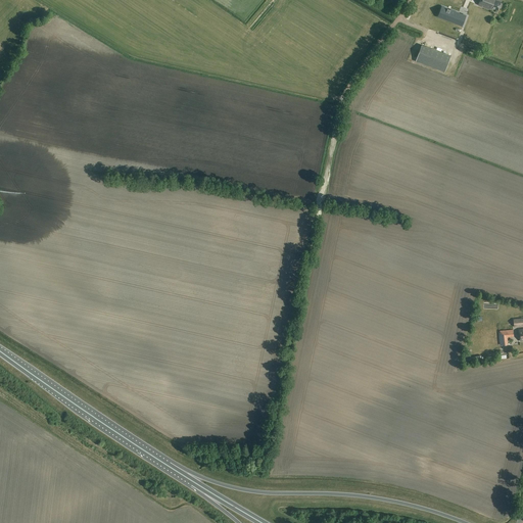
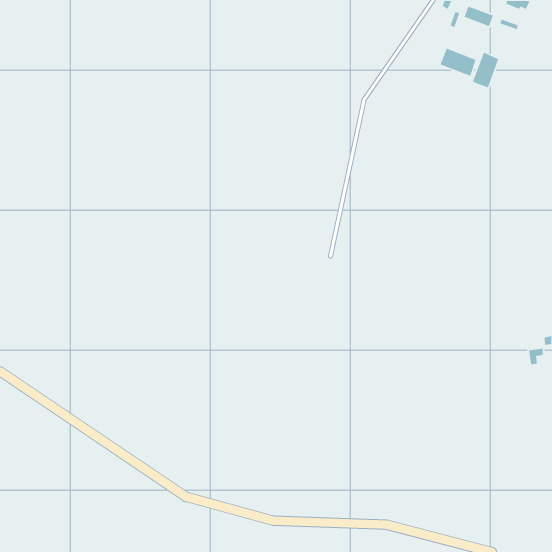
building: none -> [472,52,499,88]

